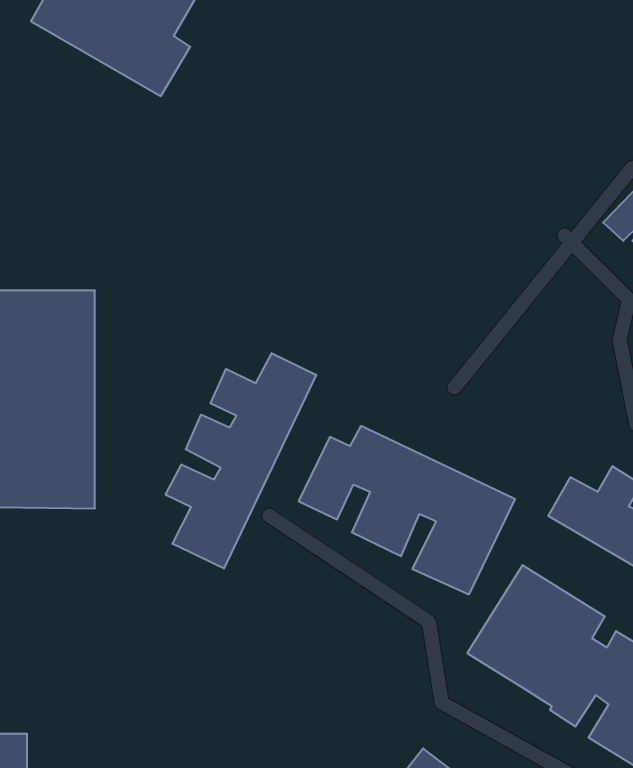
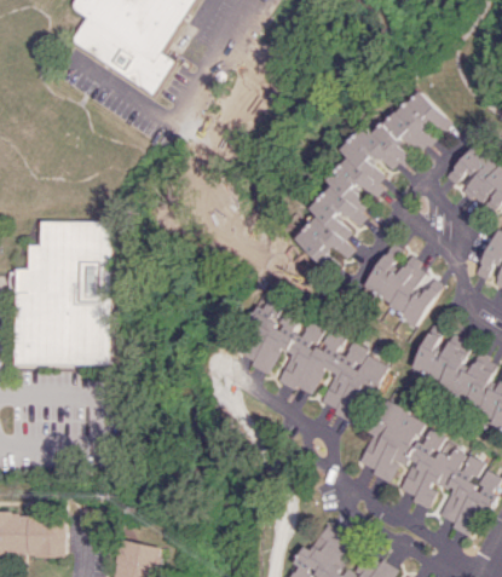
building: none -> [285,99,455,265]
building: none -> [362,248,444,325]
building: [166,353,316,569] -> none

